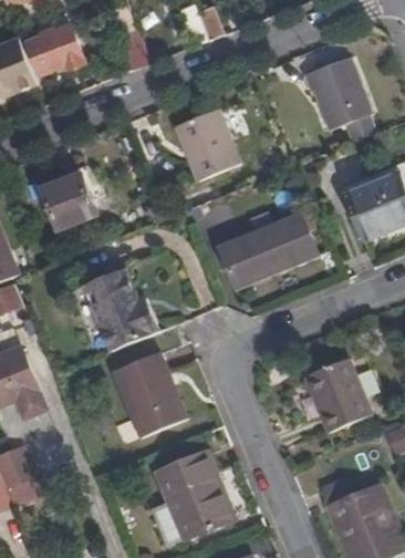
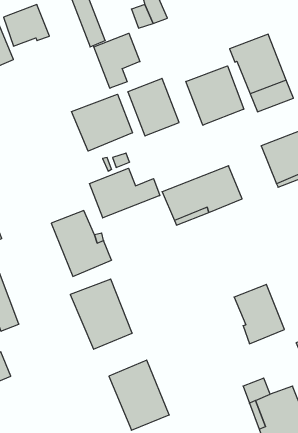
building: none -> [94,33,140,88]
building: none -> [186,66,244,125]
building: none -> [71,94,132,151]
building: [39,172,92,225] -> none
building: none -> [89,168,160,218]

